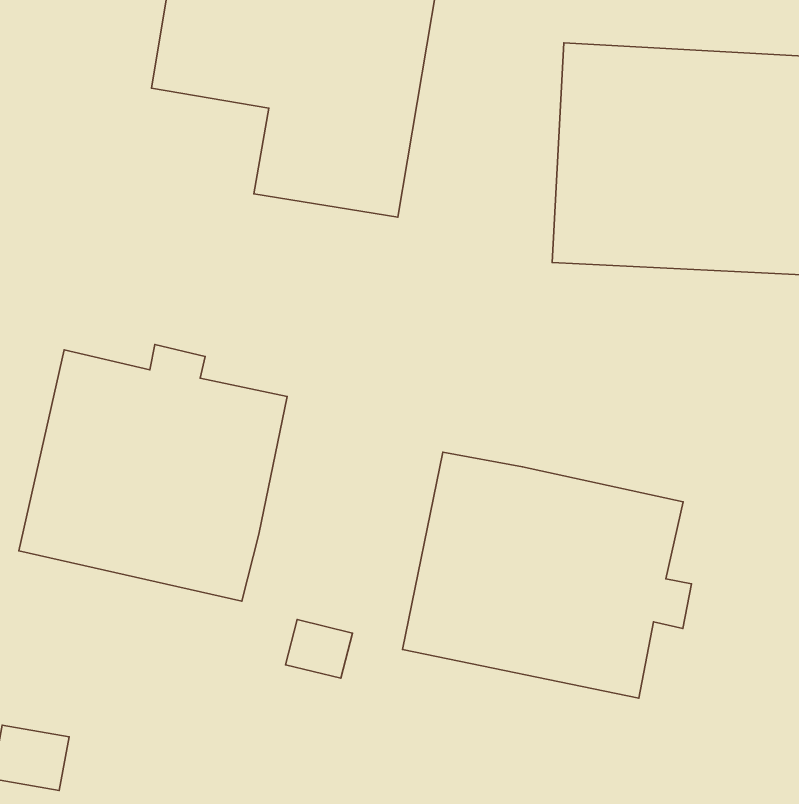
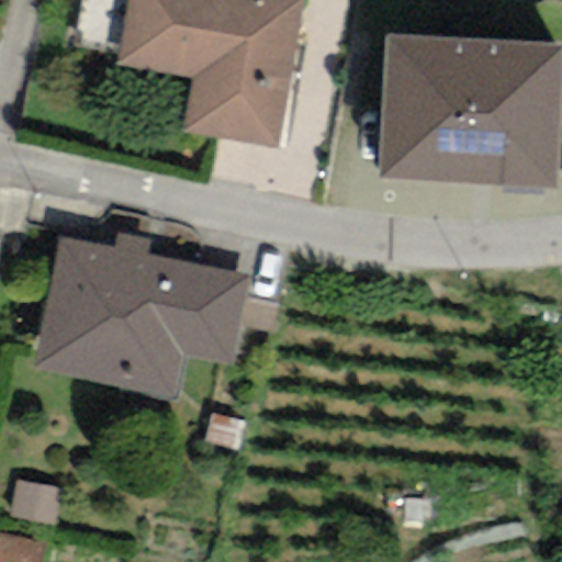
building: none -> [187,266,251,366]
building: [403,452,692,698] -> none

